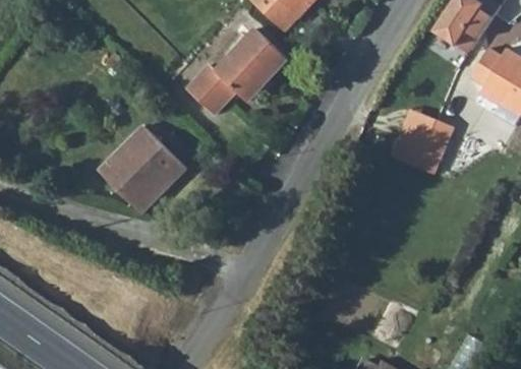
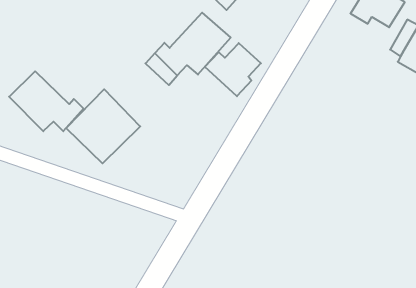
building: none -> [205,43,261,96]
building: none -> [9,71,84,131]
building: [390,109,450,172] -> none

